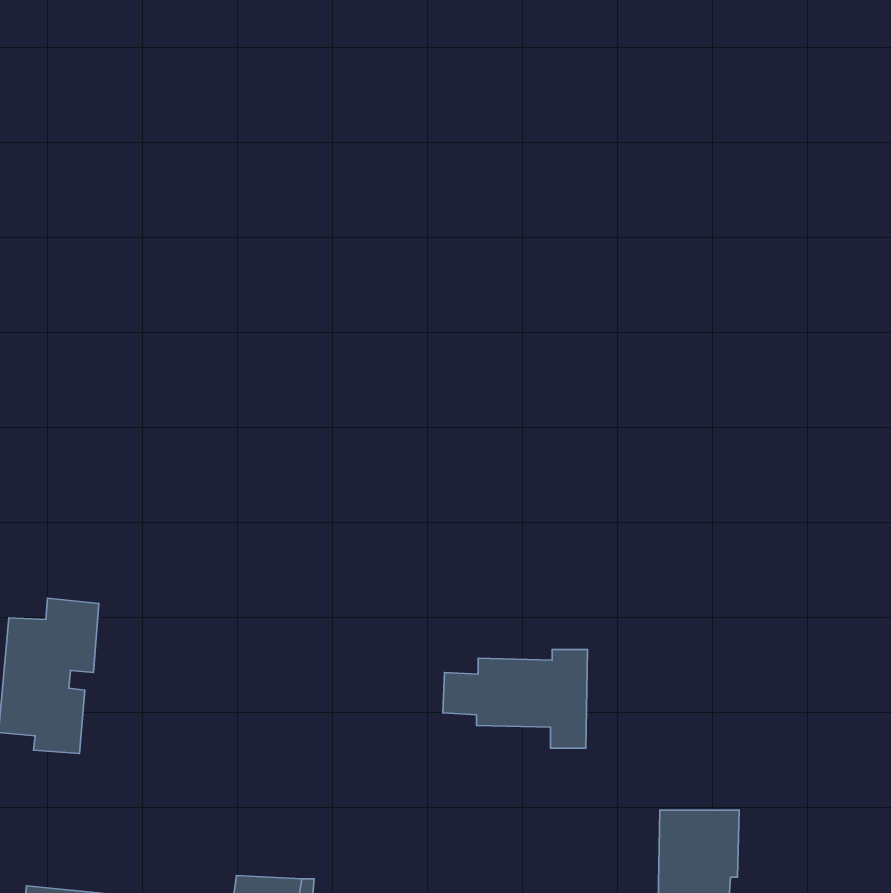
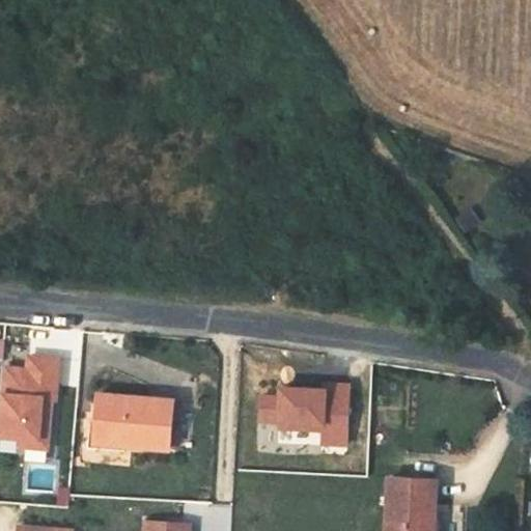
building: none -> [96,396,169,448]

